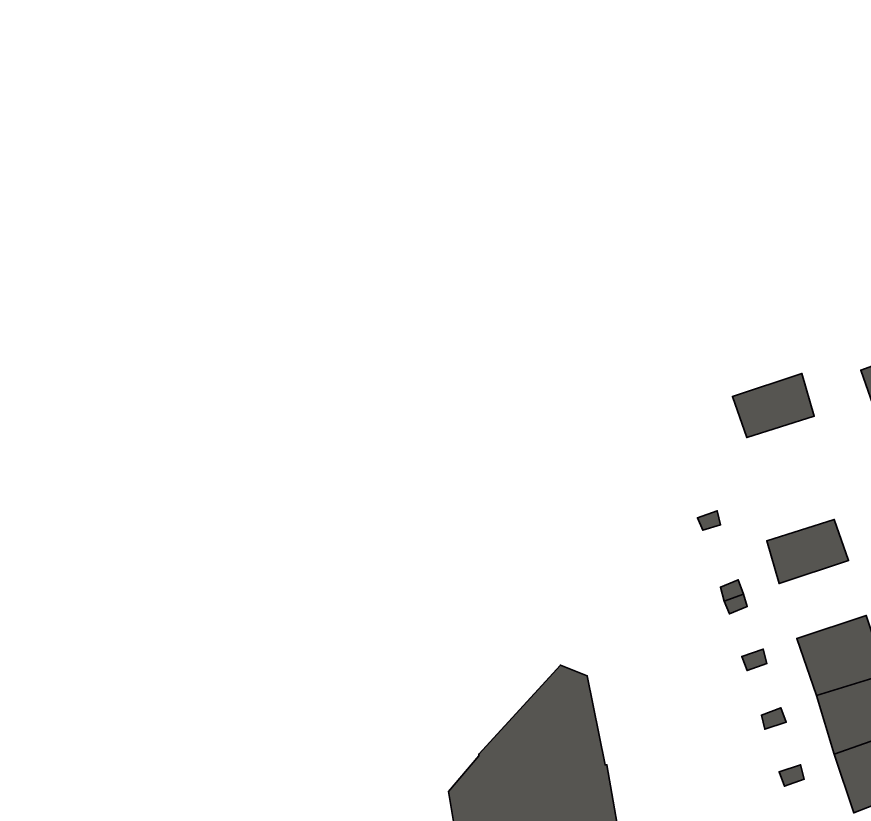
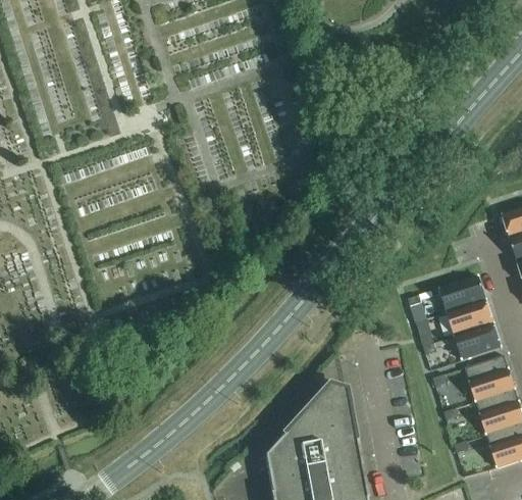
building: [733,374,814,438] -> [439,278,486,314]
building: none -> [455,326,502,362]

